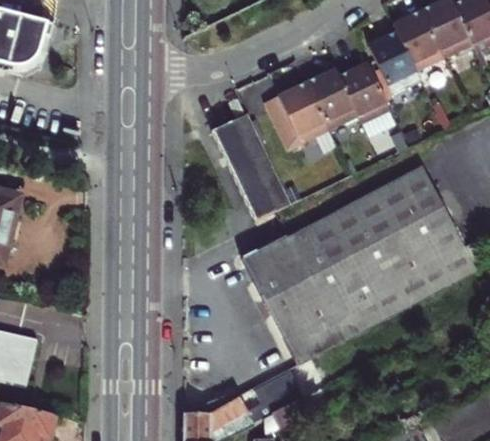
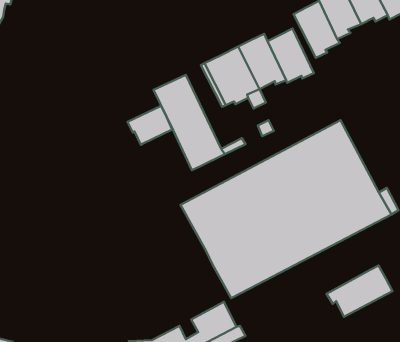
building: none -> [128,106,172,145]
building: none -> [326,265,393,317]

